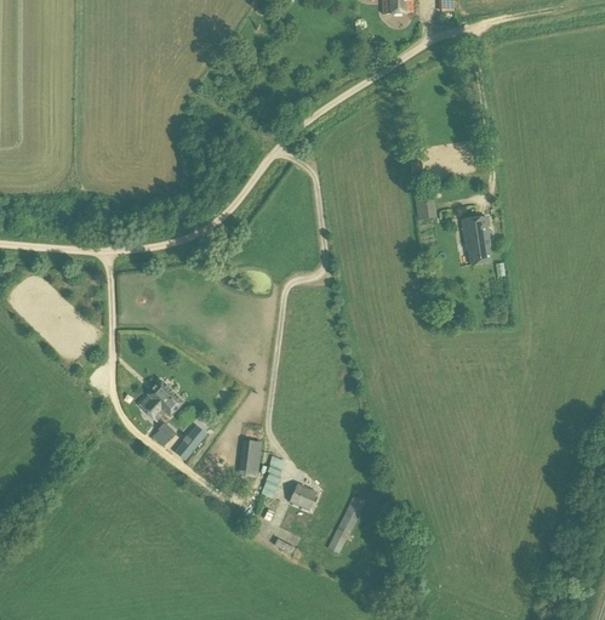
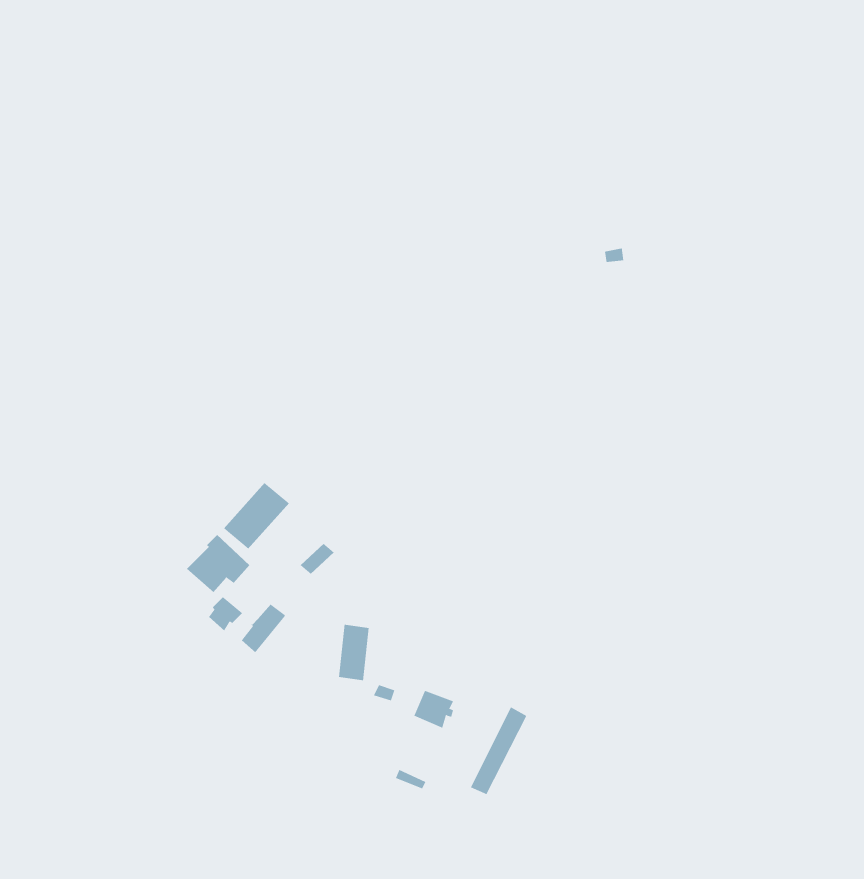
building: [462,216,490,263] -> none
building: none -> [223,482,290,550]

